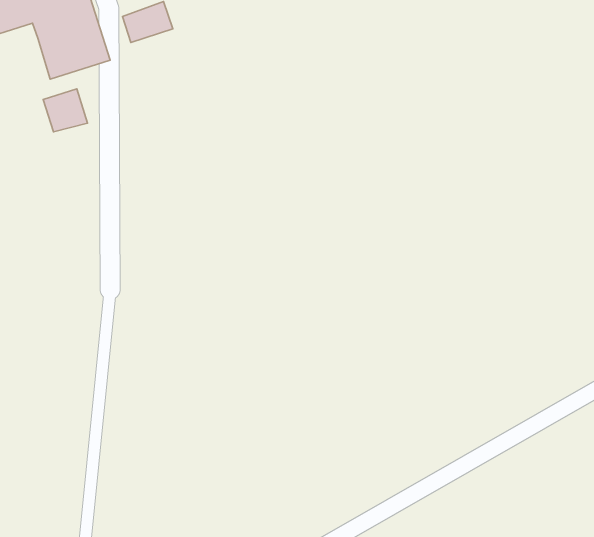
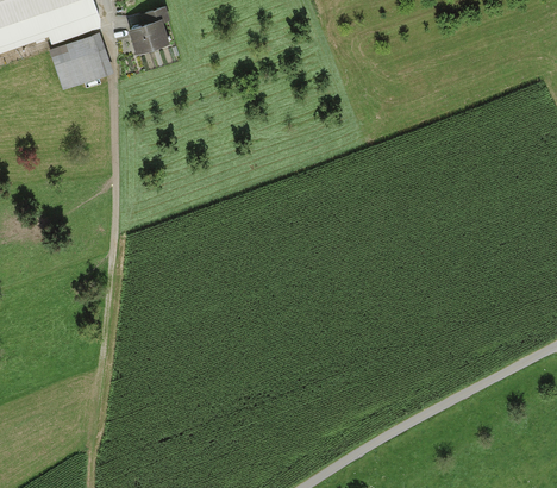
building: [43,89,87,132] -> none

